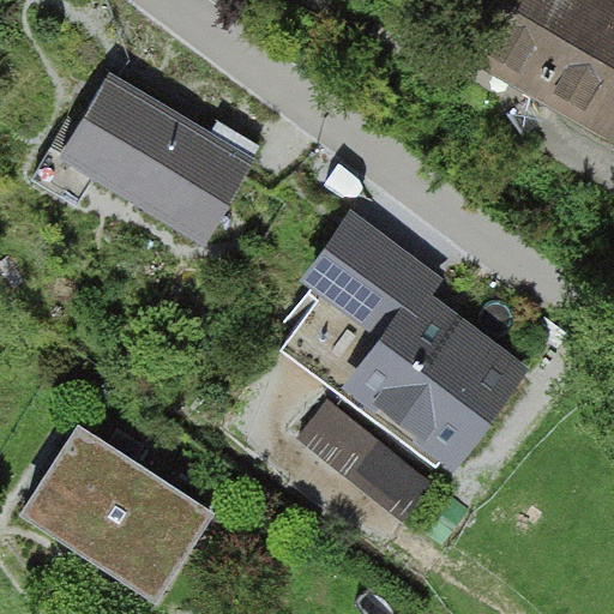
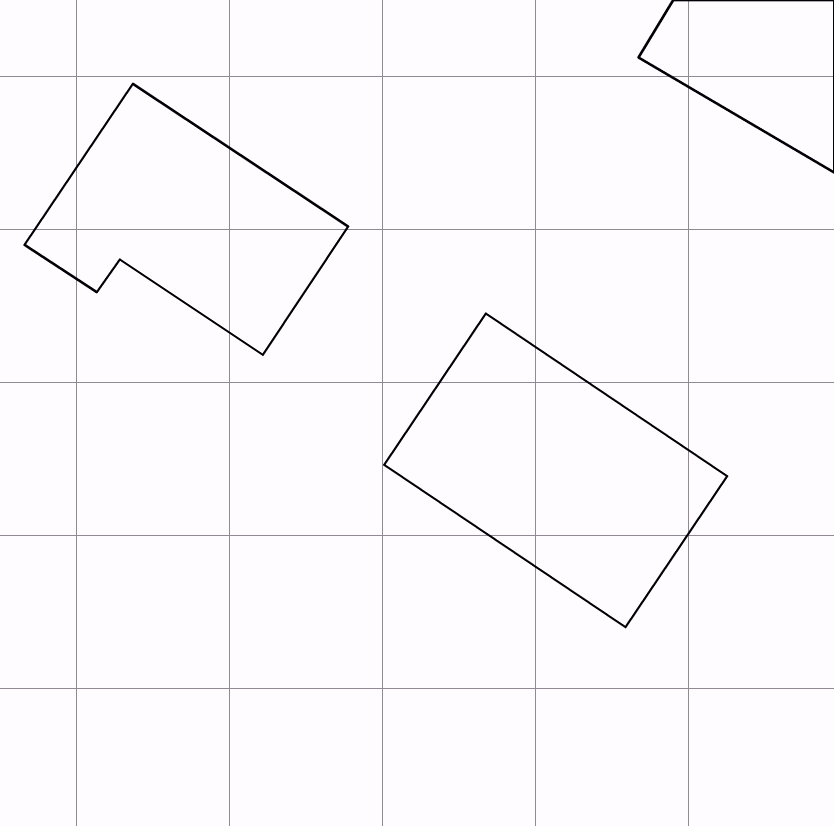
building: [303,397,437,523] -> none
building: [25,425,215,601] -> none

